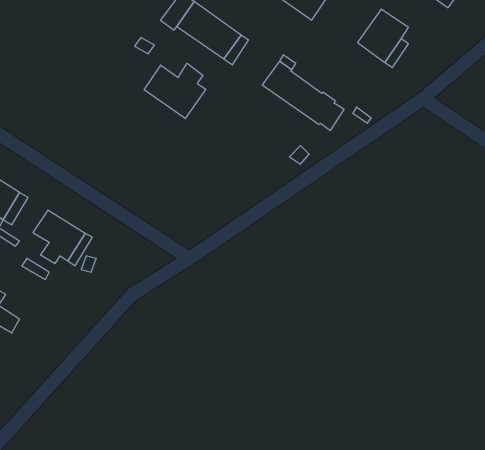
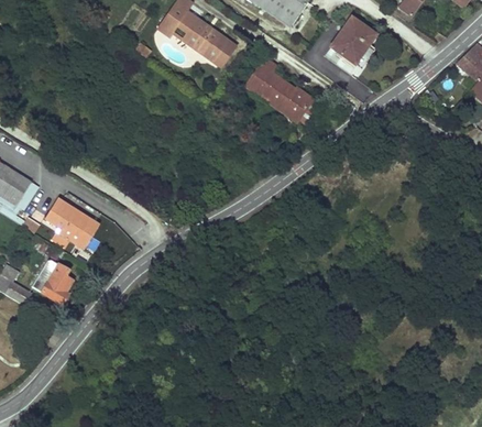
building: [144,63,206,119] -> none
building: none -> [33,260,72,304]

